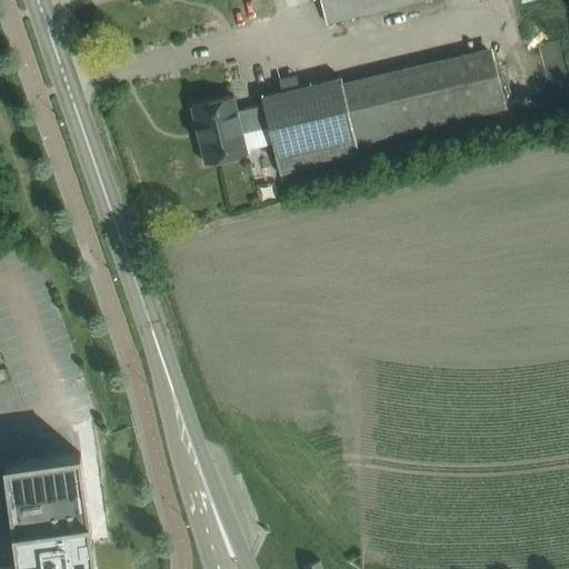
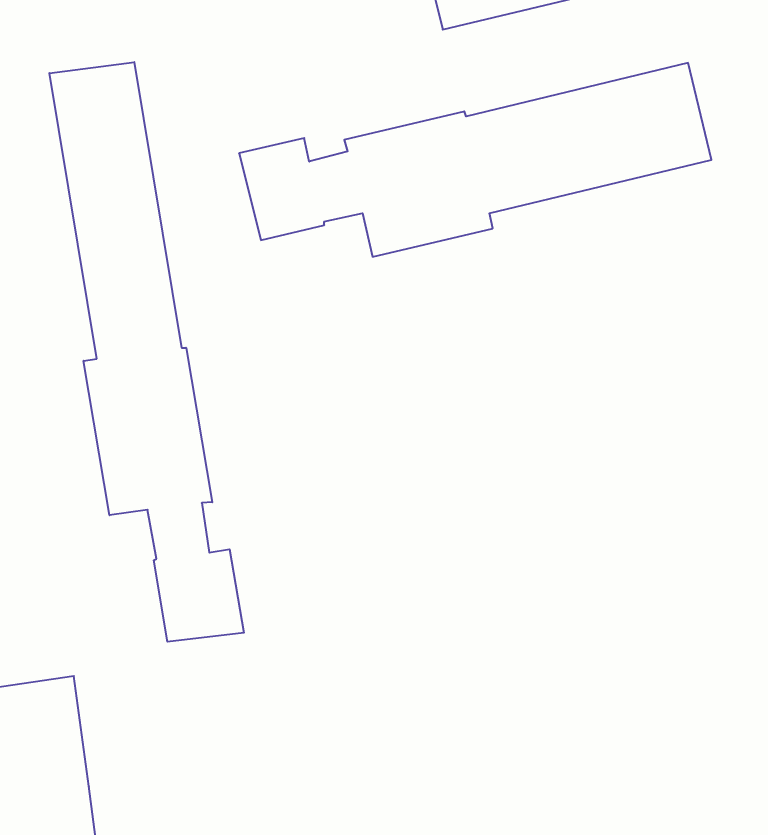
building: none -> [49,62,244,642]

